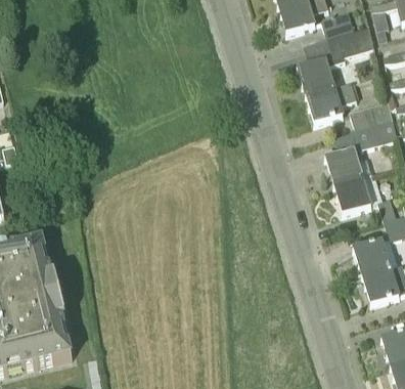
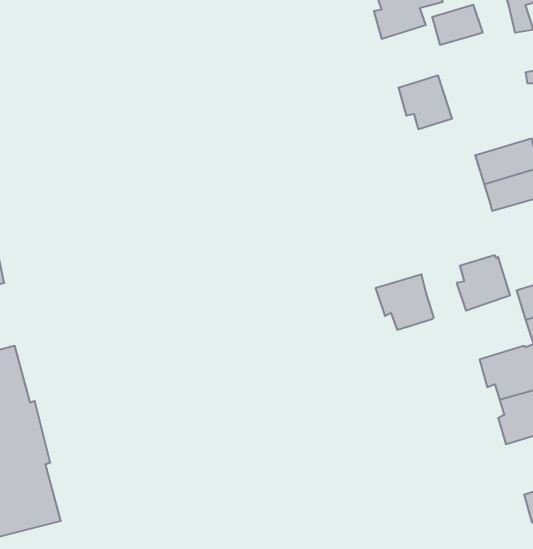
building: [325,24,373,60] -> none
building: [309,80,356,122] -> none
building: [324,146,363,183] -> [376,274,434,330]

